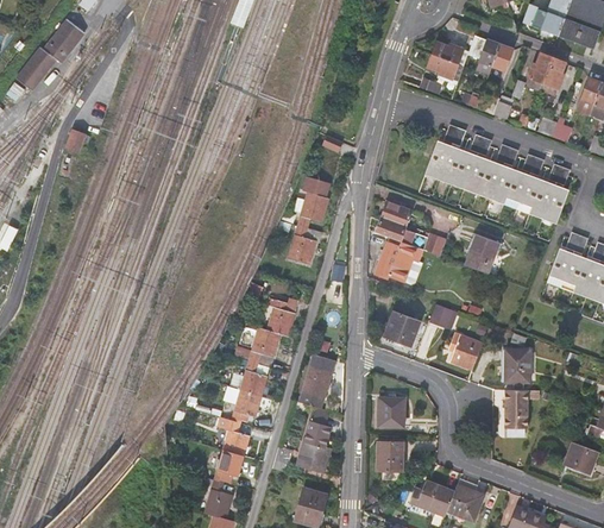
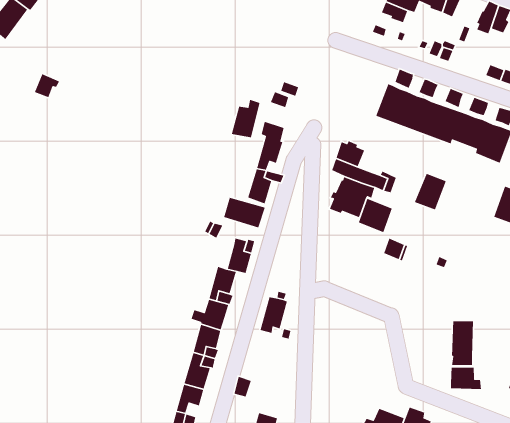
building: none -> [231,99,260,138]
building: none -> [223,197,266,228]
building: [386,309,423,346] -> [358,198,393,233]
building: [449,331,482,367] -> none
building: [504,348,529,382] -> none
building: [377,396,404,425] -> none
building: [295,415,331,467] -> none
building: none -> [450,367,482,390]
building: [377,439,404,470] -> none

